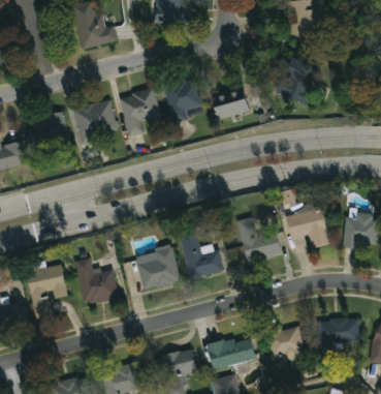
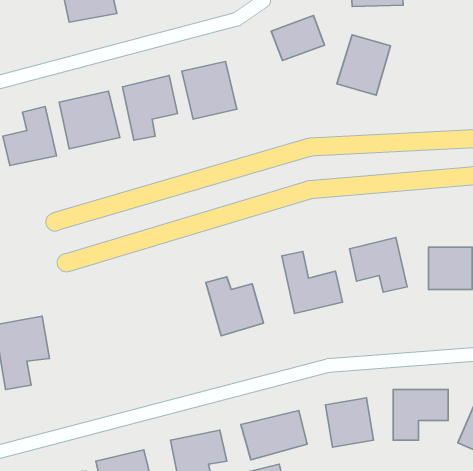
building: [210,87,249,120] -> [271,16,325,61]
building: [122,244,180,290] -> none
building: [76,257,118,304] -> none

